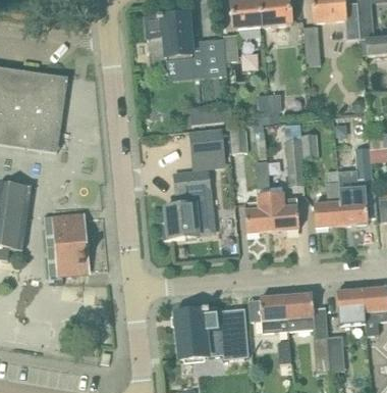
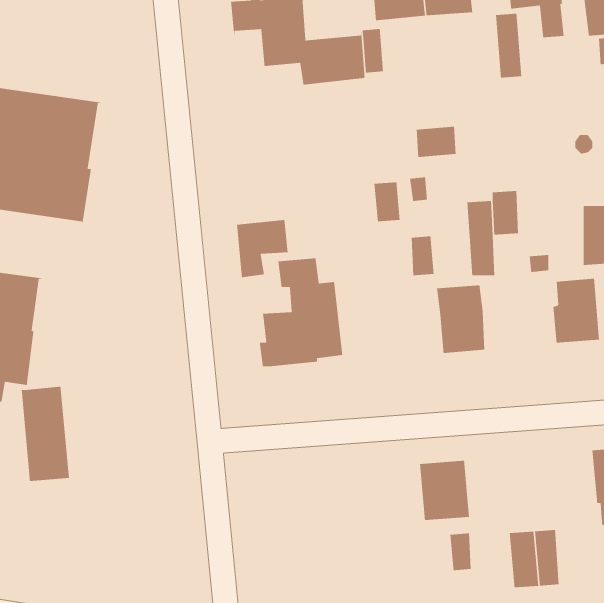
building: [189,105,224,125] -> none
building: [190,131,222,166] -> [236,219,288,278]
building: [242,192,273,233] -> none
building: [313,202,341,227] -> none
building: [56,215,86,274] -> [21,386,70,482]
building: [336,289,366,324] -> none
building: [286,293,315,330] -> none
building: [174,307,248,359] -> none

